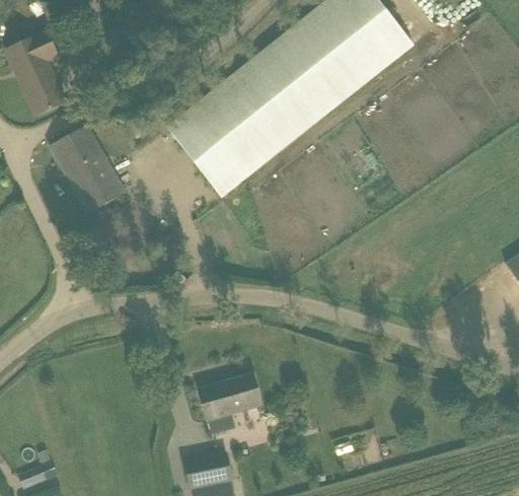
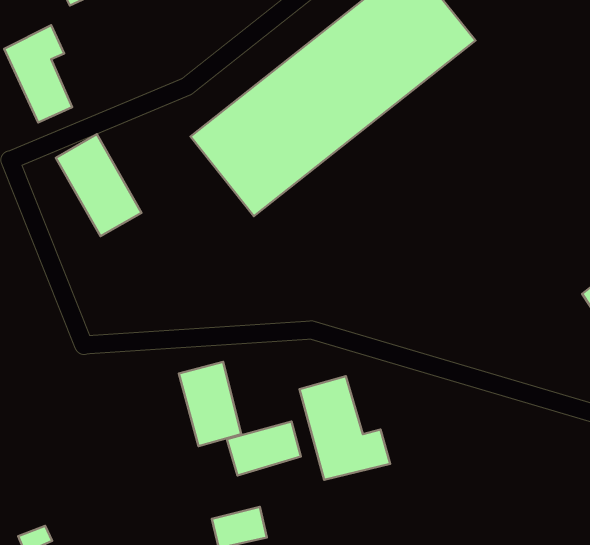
building: none -> [179,362,241,446]
building: none -> [299,376,390,480]

